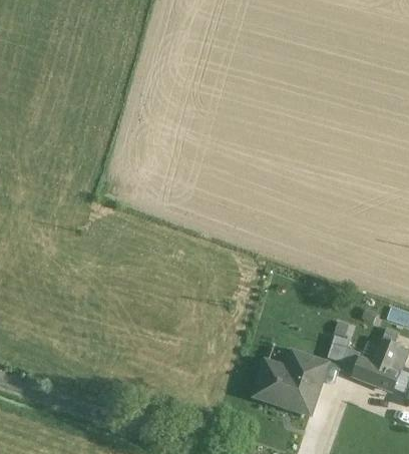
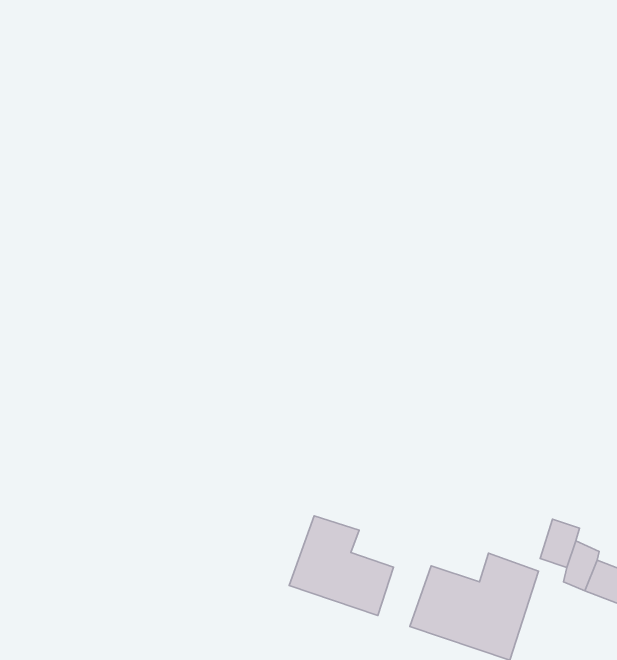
building: none -> [289,516,394,616]

